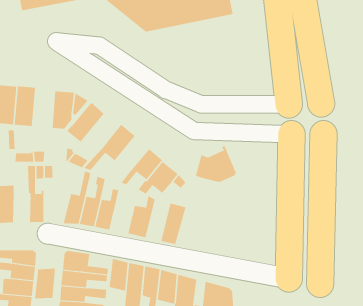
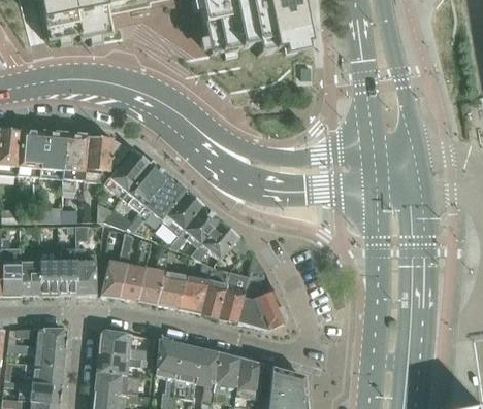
building: none -> [62,131,89,180]
building: none -> [121,161,169,211]
building: none -> [162,191,203,234]
building: [195,145,237,183] -> [236,284,287,330]
building: none -> [75,247,96,295]
building: none -> [39,249,59,295]
building: none -> [200,267,227,317]
building: none -> [156,270,186,308]
building: [34,268,56,299] -> none

